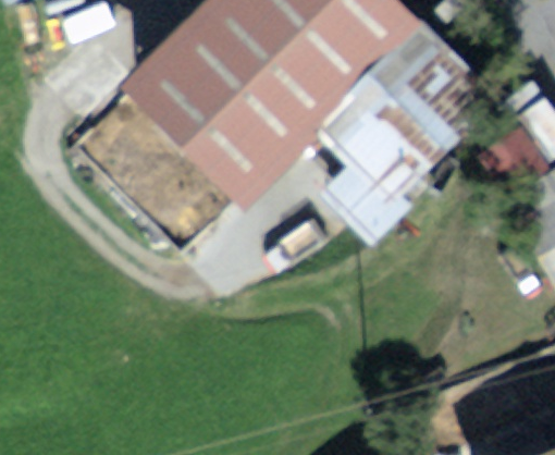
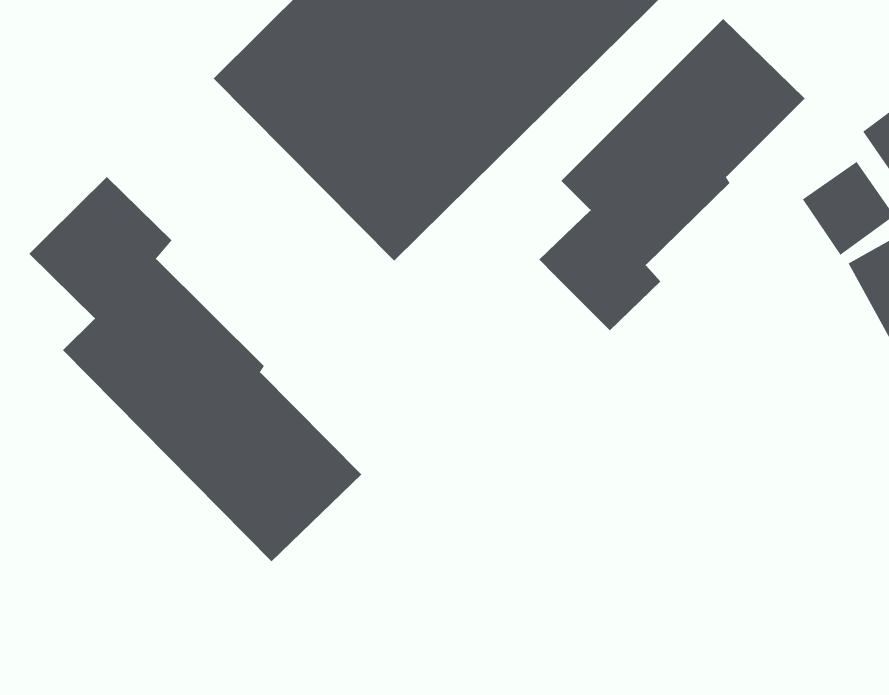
building: none -> [28,176,362,562]

